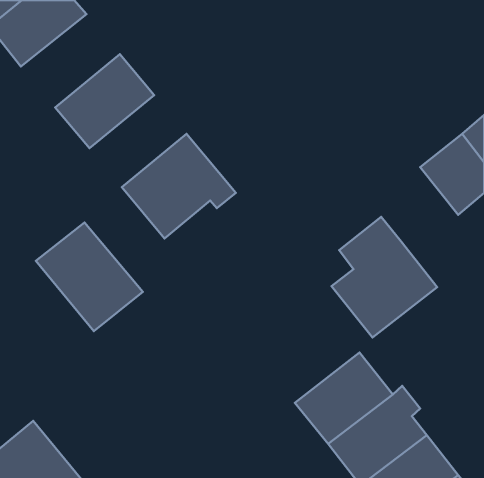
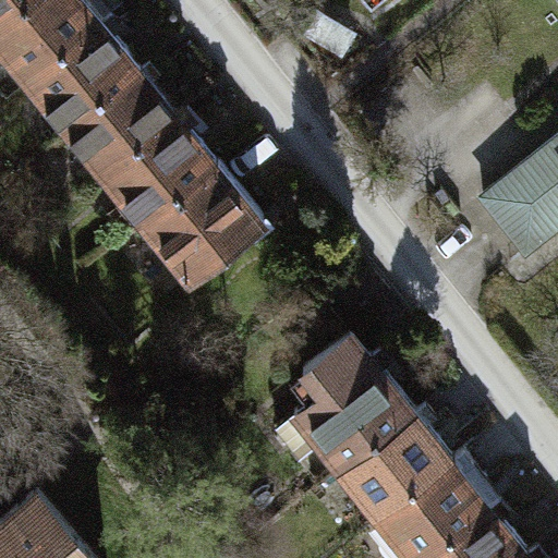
building: none -> [24,25,137,132]
building: none -> [102,118,214,223]
building: [332,217,437,338] -> [291,332,412,471]
building: [36,222,143,331] -> none

